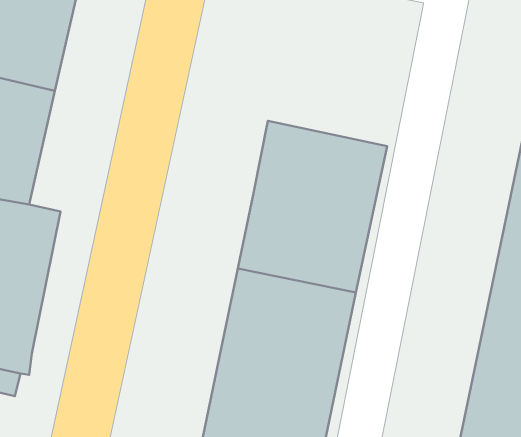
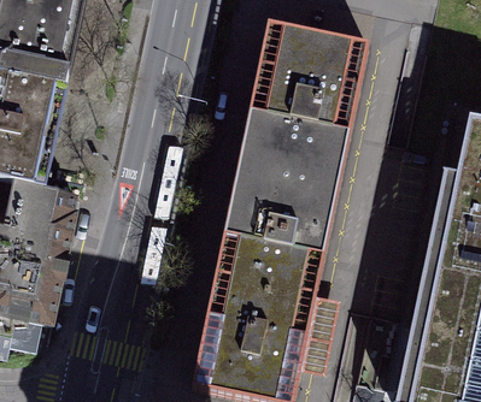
building: none -> [250,20,370,135]

